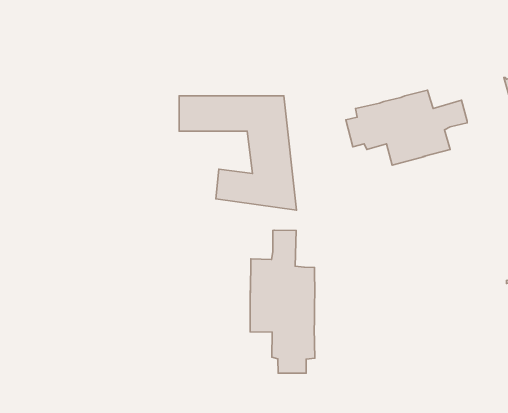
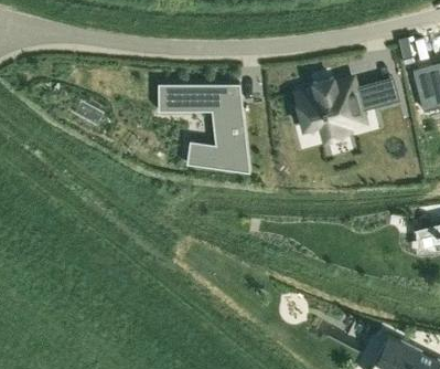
building: [250,230,315,373] -> none

